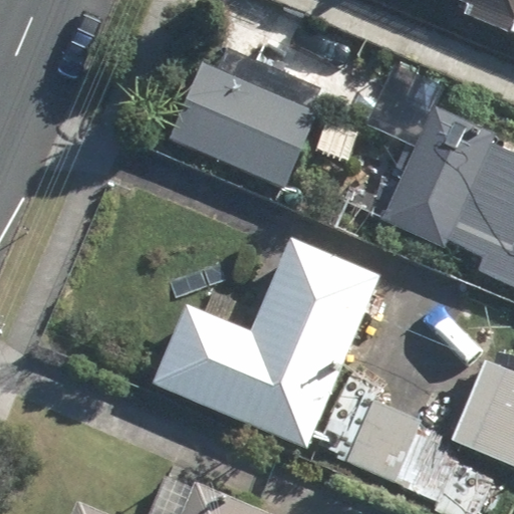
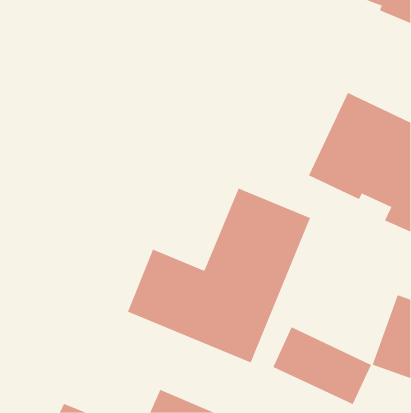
building: [160,60,315,192] -> none

